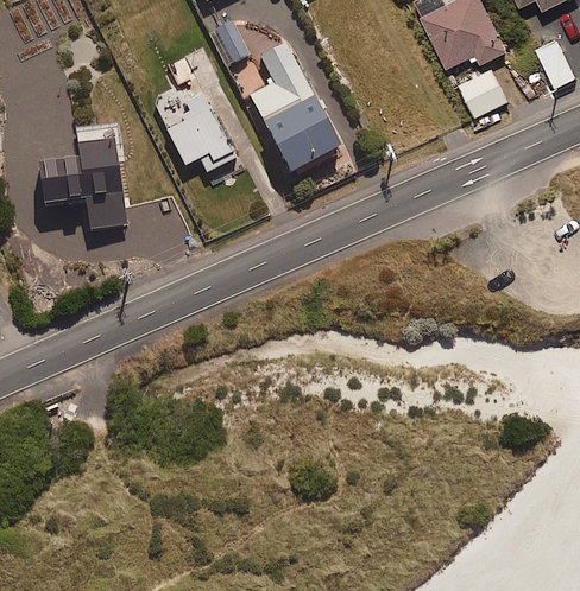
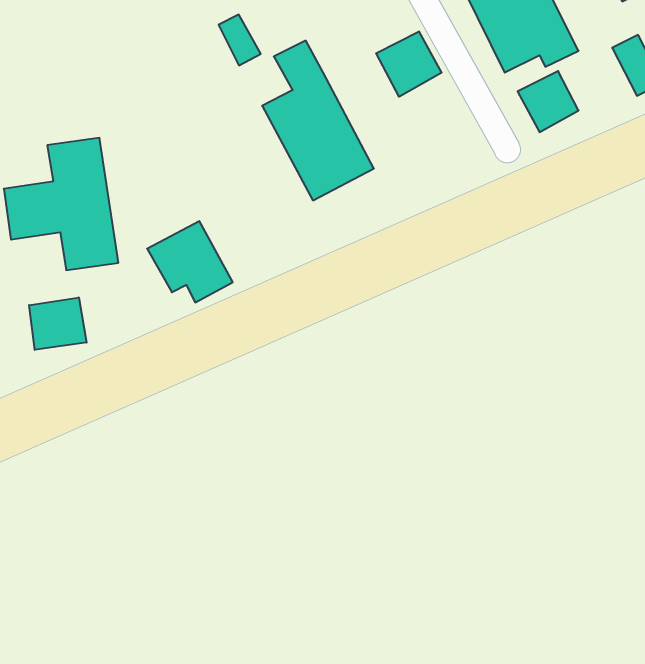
building: none -> [376,31,442,97]
building: [165,108,235,174] -> [147,221,233,302]
building: none -> [29,297,87,350]

